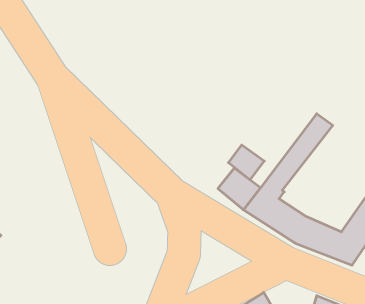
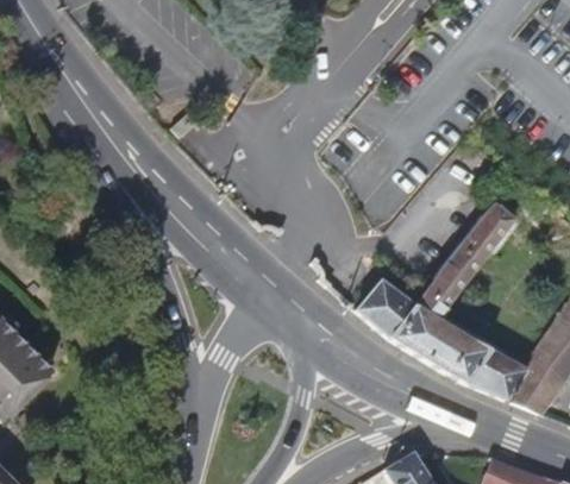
building: [228,145,264,180] -> none

